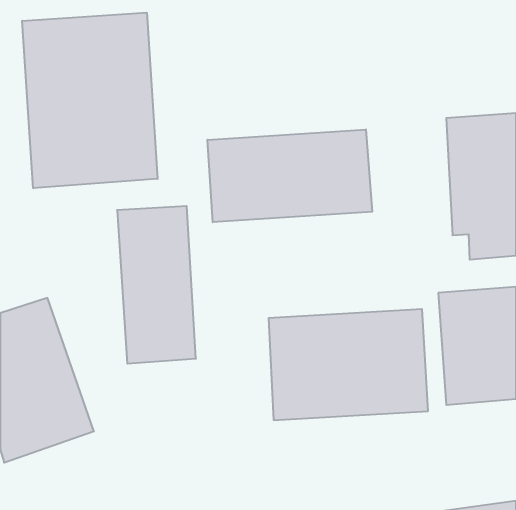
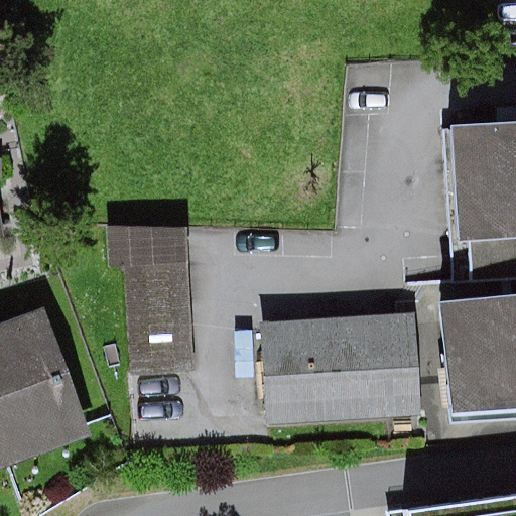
building: [22,13,158,188] -> none
building: [207,129,372,222] -> none

